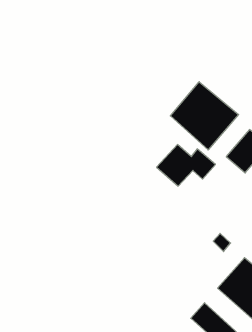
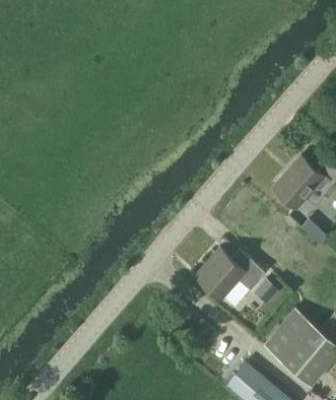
building: [170,82,239,150] -> none
building: [157,145,215,186] -> [195,251,264,299]

